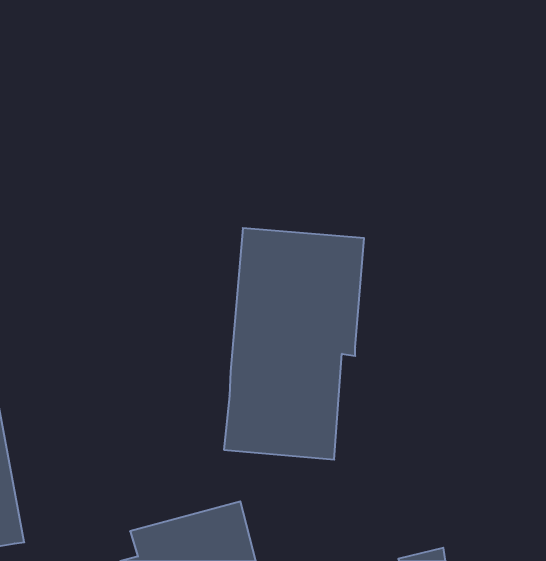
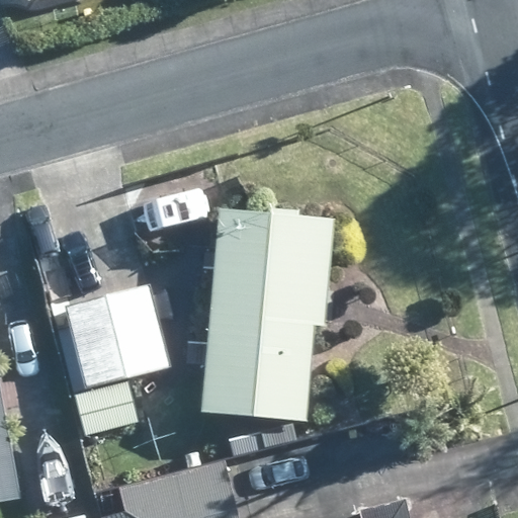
building: none -> [66,285,168,415]

